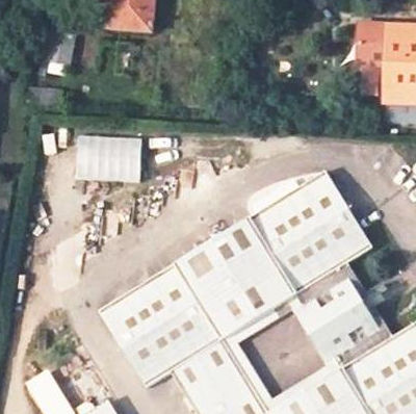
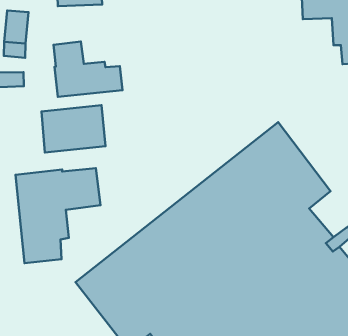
building: none -> [54,42,122,97]
building: none -> [15,168,101,263]

